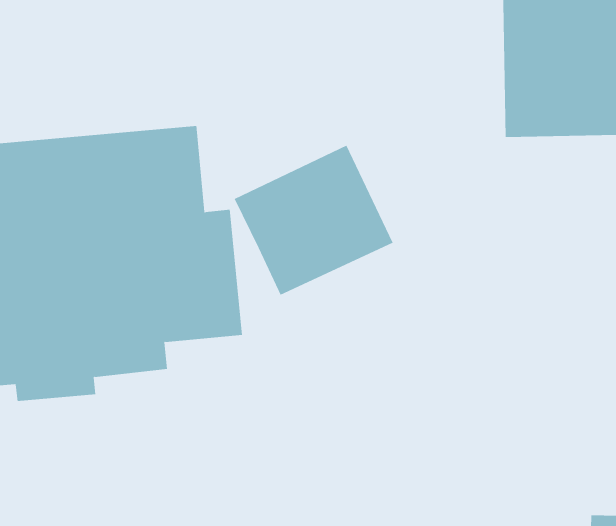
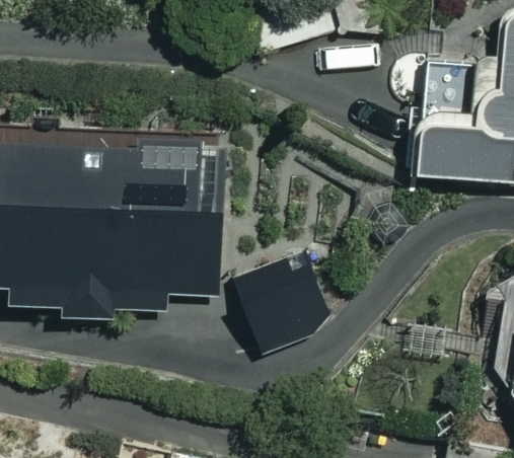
building: [234,145,393,295] -> [231,261,341,363]

